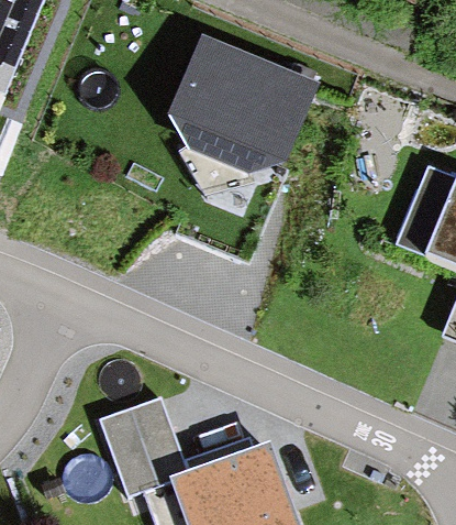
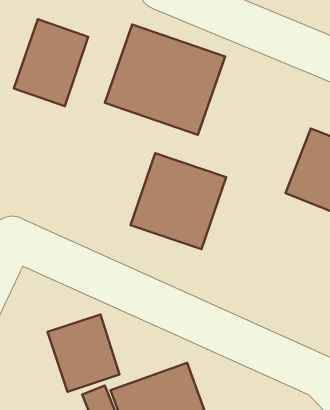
building: none -> [14,19,88,106]
building: none -> [131,153,226,249]

